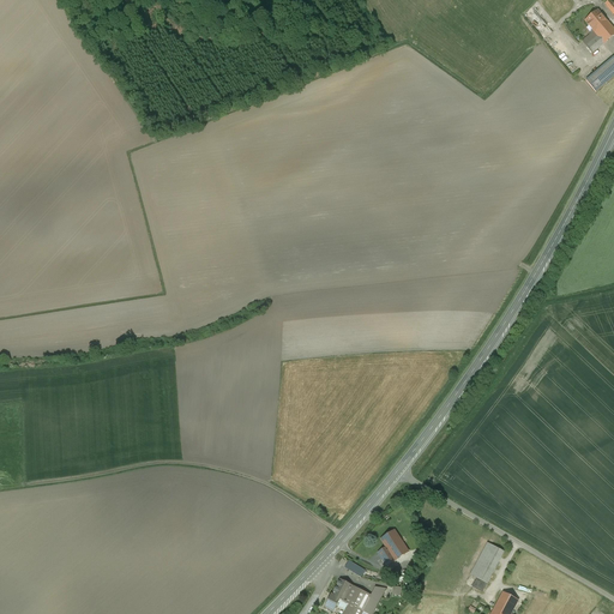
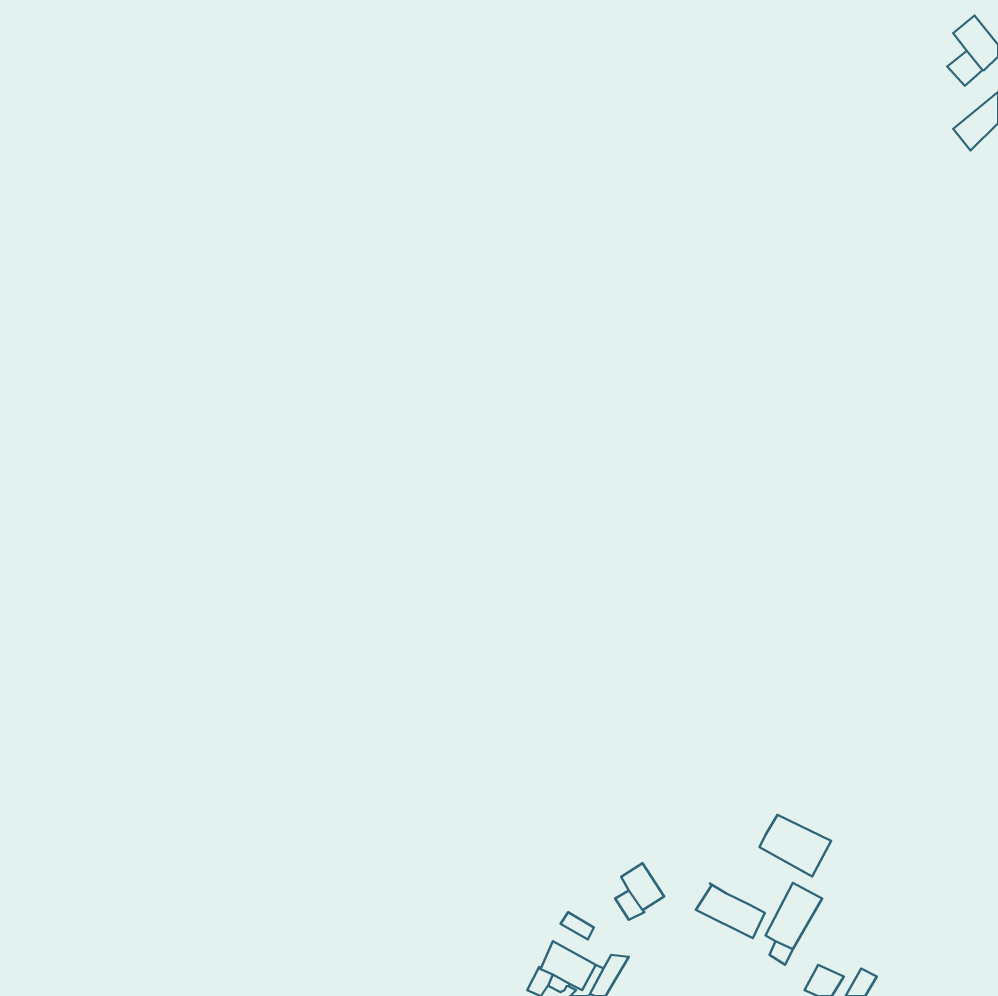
building: none -> [759,815,831,876]
building: none -> [696,884,765,938]

